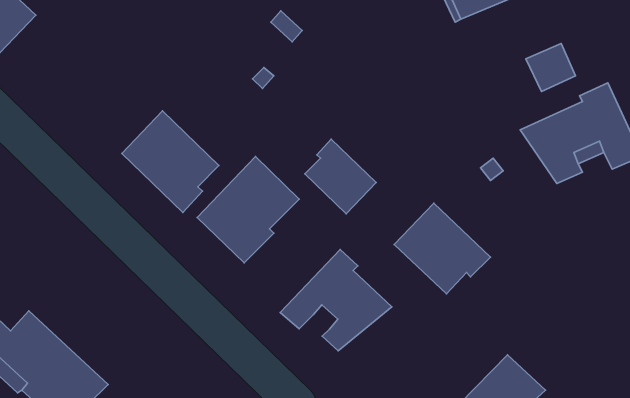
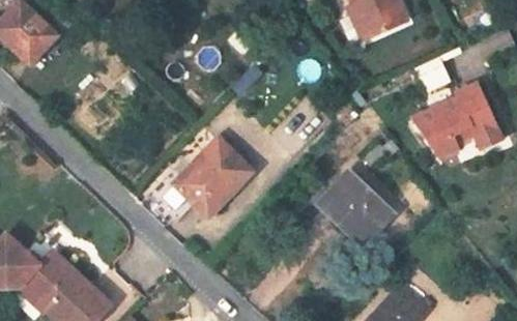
building: [122,111,219,213] -> none
building: [305,139,376,214] -> none
building: [280,249,392,351] -> none

